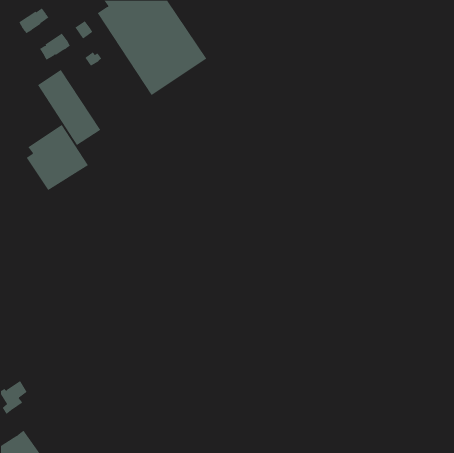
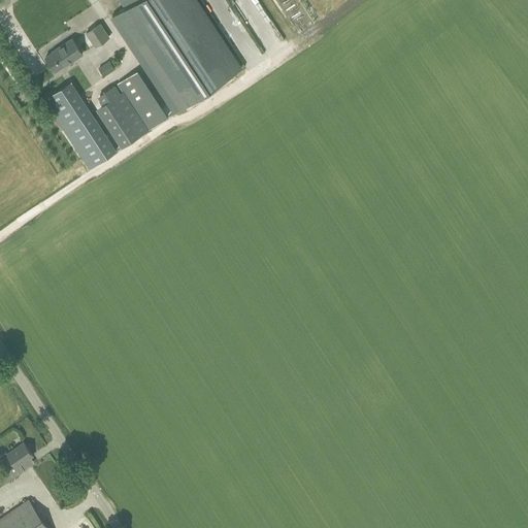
building: [19,7,49,34] -> none
building: [26,124,89,191] -> [95,70,168,147]

